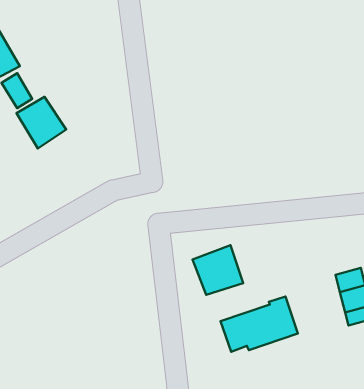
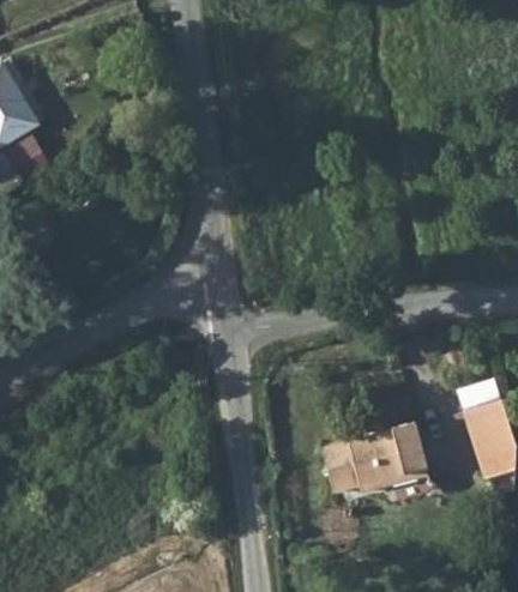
building: [16,97,66,148] -> none
building: [192,245,243,295] -> none

